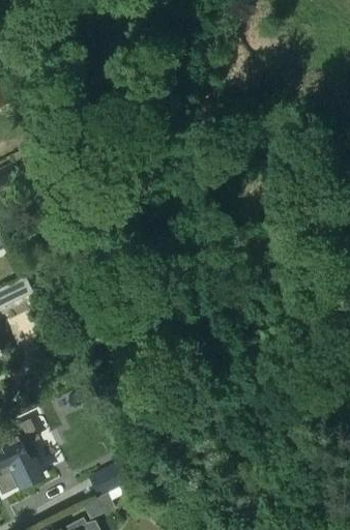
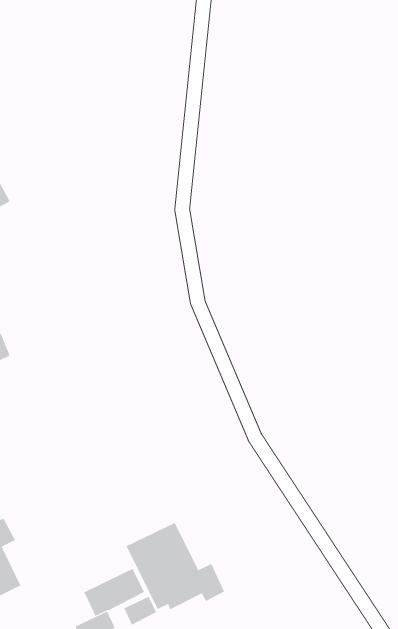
building: none -> [126,522,225,610]

